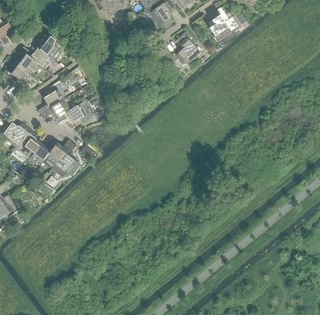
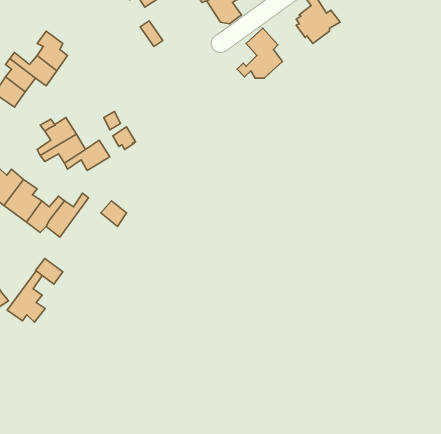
building: [52,141,77,175] -> [7,271,45,322]

